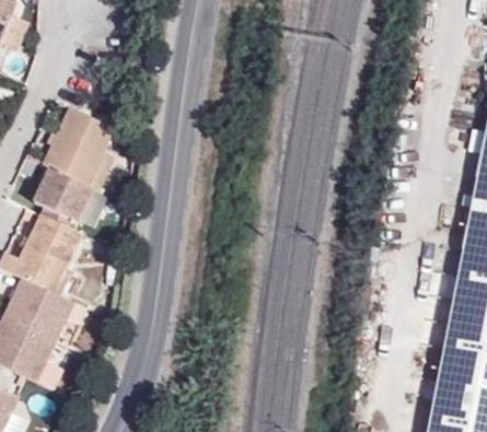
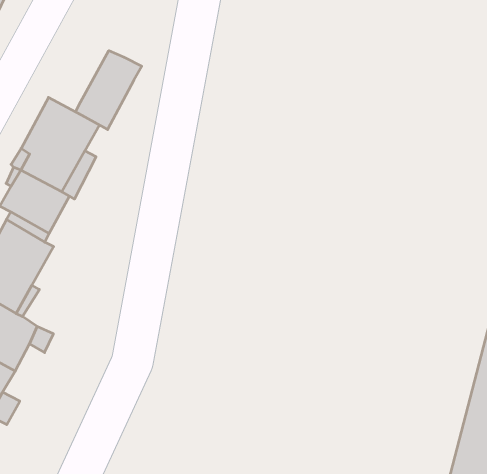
building: none -> [75,51,142,130]

